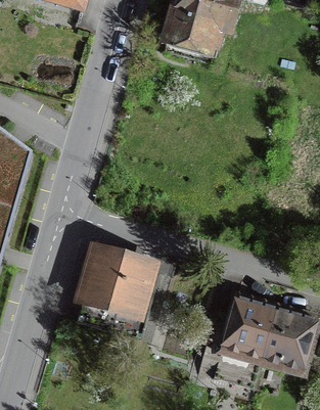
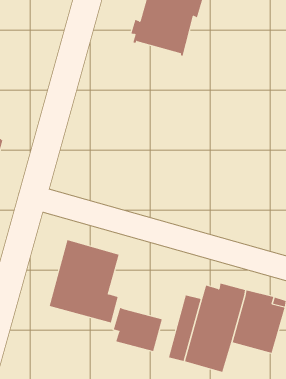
building: none -> [113,307,163,352]

